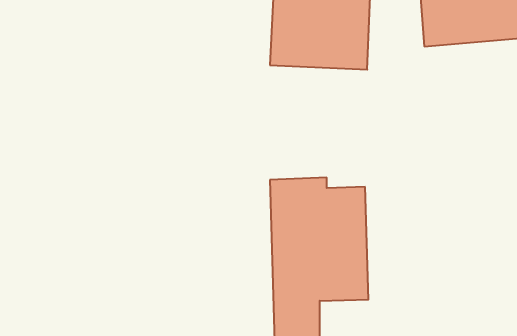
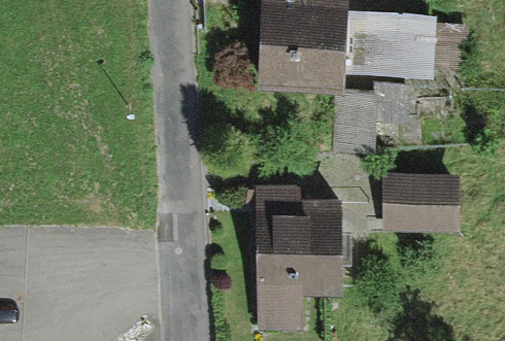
building: none -> [382,172,461,234]

